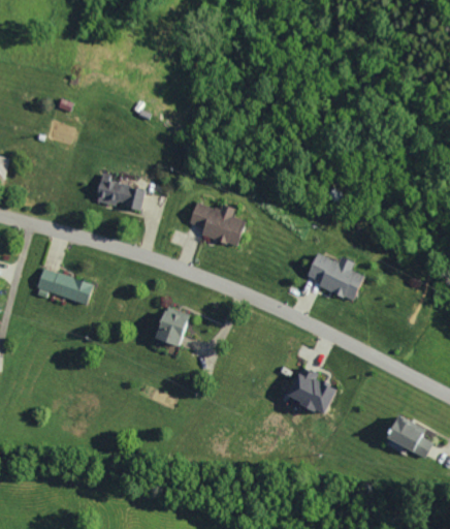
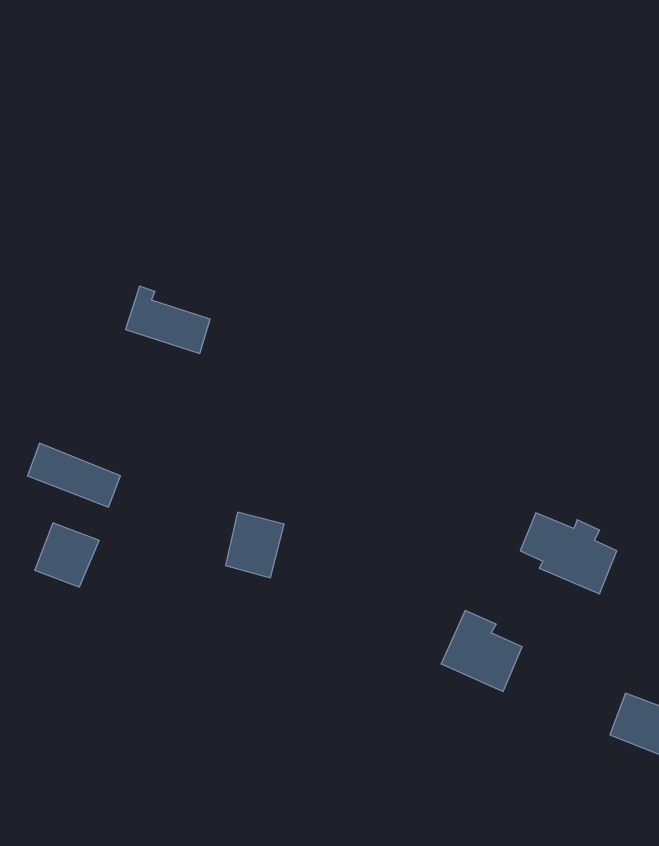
building: [188,201,245,248] -> none
building: [307,253,364,302] -> [520,513,617,594]
building: none -> [35,523,99,587]

